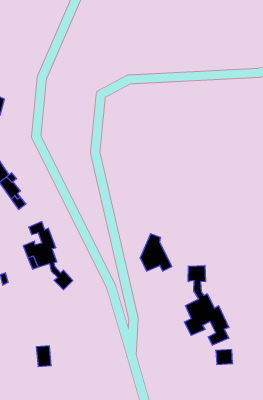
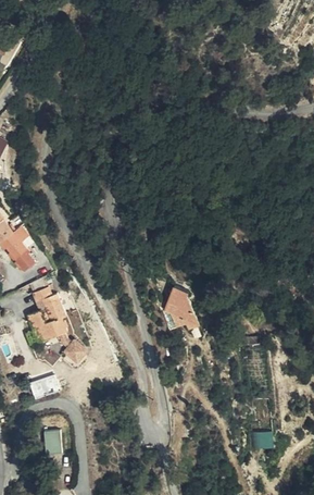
building: [185,265,229,345] -> none
building: none -> [29,372,59,396]

